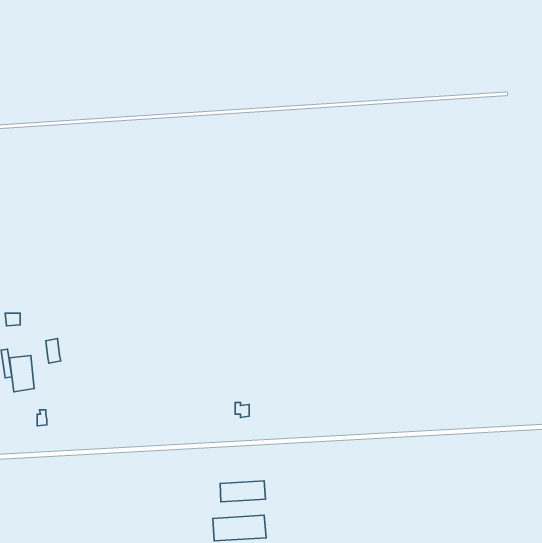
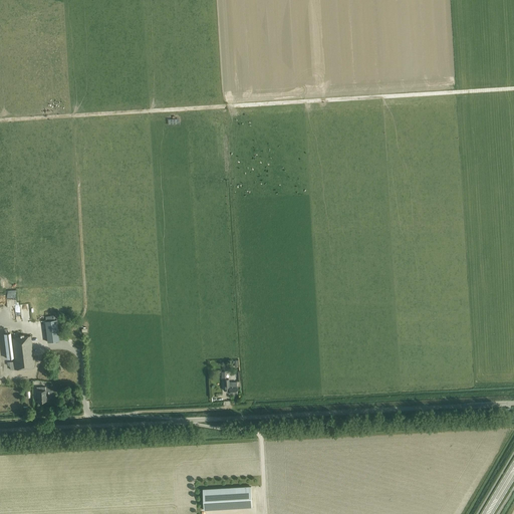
building: [220,481,266,502] -> none

